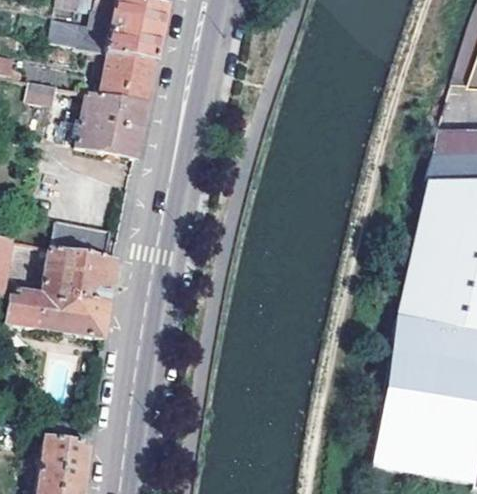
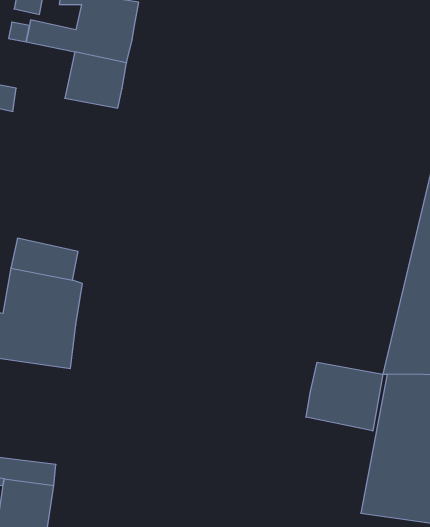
building: [77,91,149,159] -> none
building: none -> [306,362,383,431]

